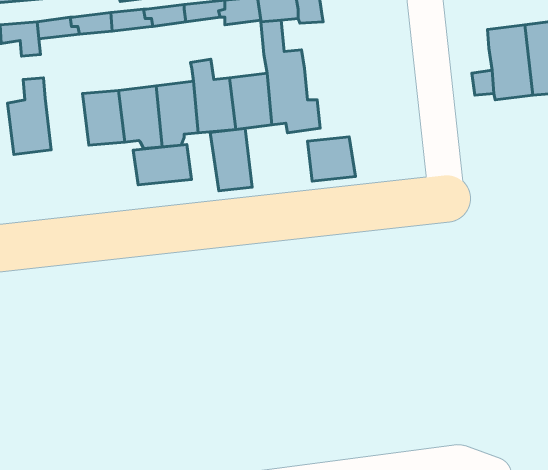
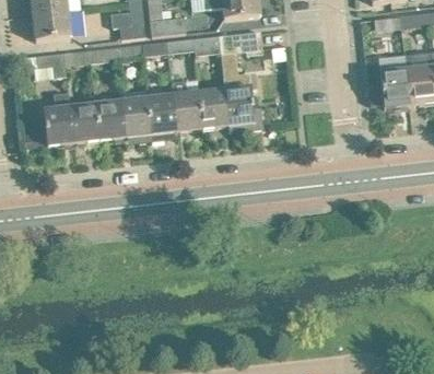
building: none -> [69,102,99,141]
building: [210,128,252,191] -> none
building: [308,137,356,181] -> none
building: [133,145,192,185] -> none

